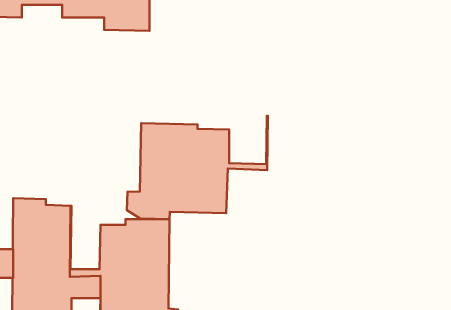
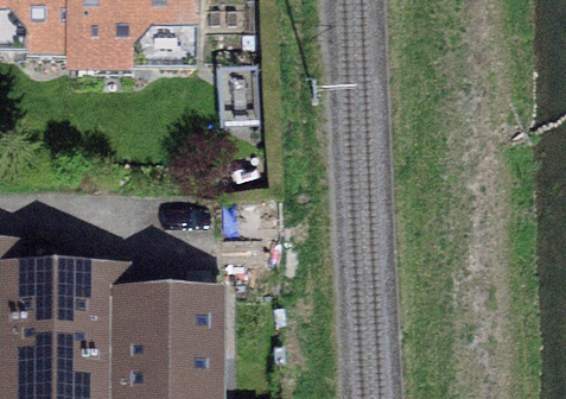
building: [127,116,268,219] -> none

